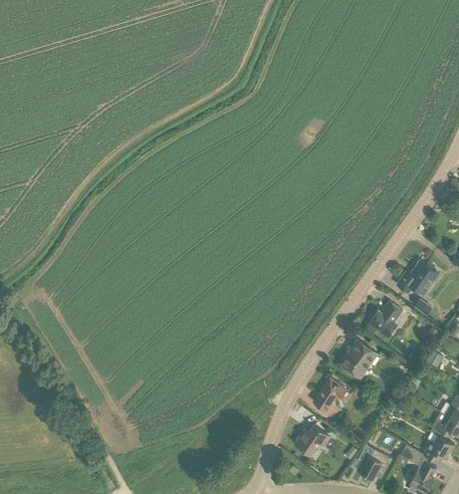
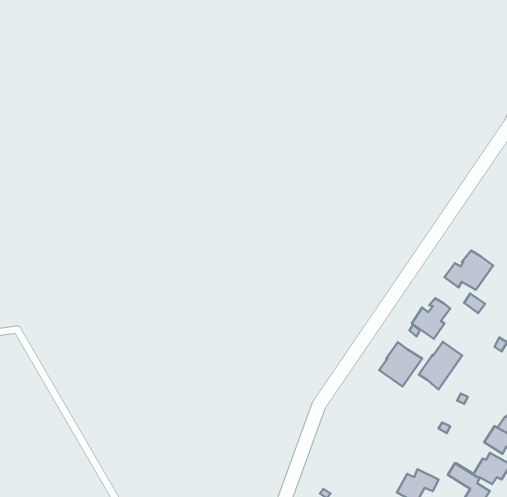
building: none -> [419,342,462,389]
building: [314,381,352,411] -> none
building: [296,426,330,455] -> none

